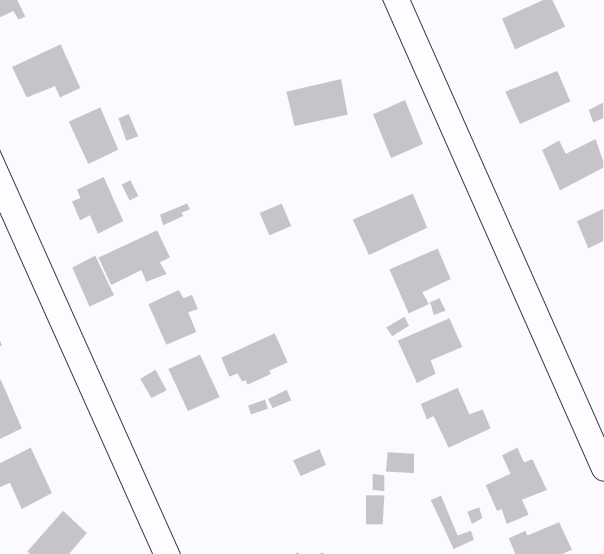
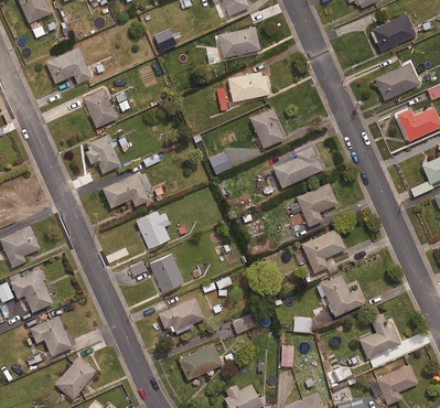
building: none -> [218,28,260,58]
building: [372,99,424,159] -> [250,109,285,149]
building: [71,255,115,308] -> none
building: [220,333,288,386] -> [159,299,204,334]
building: none -> [178,344,222,380]

